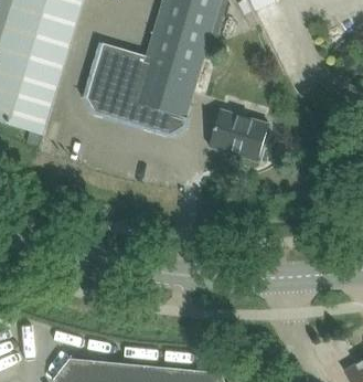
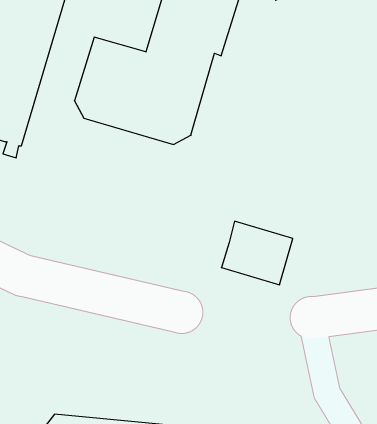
building: [209,109,268,162] -> [221,221,293,285]

